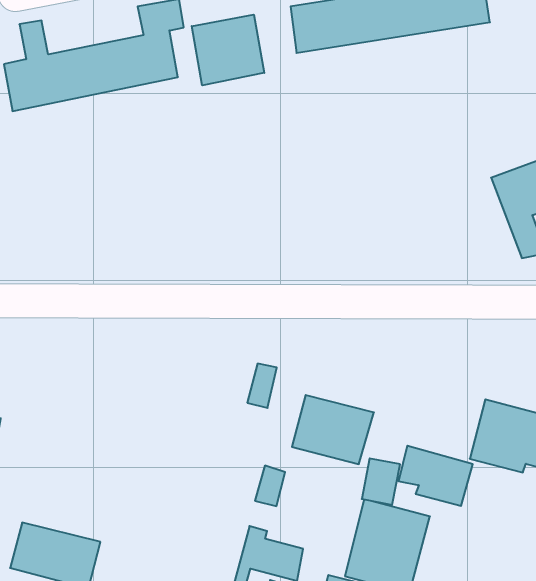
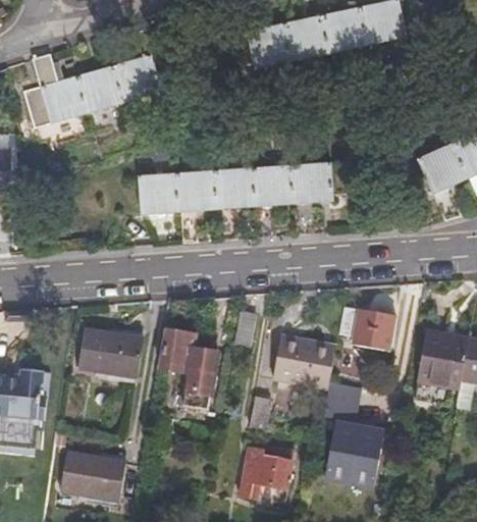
building: [192,15,264,85] -> none
building: none -> [141,162,332,243]
building: none -> [81,328,145,375]
building: none -> [151,332,218,418]
building: [398,446,473,506] -> [340,305,399,350]

